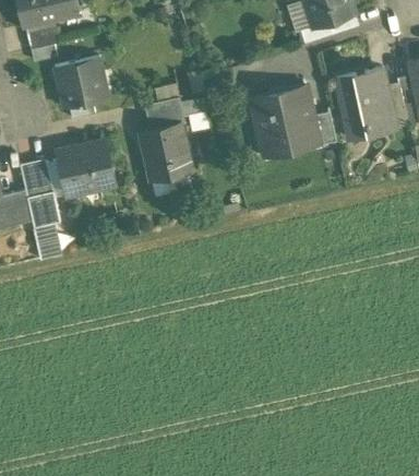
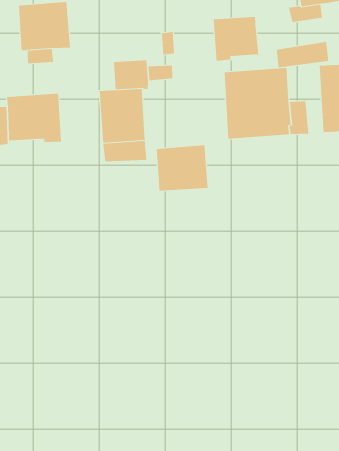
building: none -> [213,16,259,61]
building: none -> [276,41,329,68]
building: none -> [156,144,208,192]

